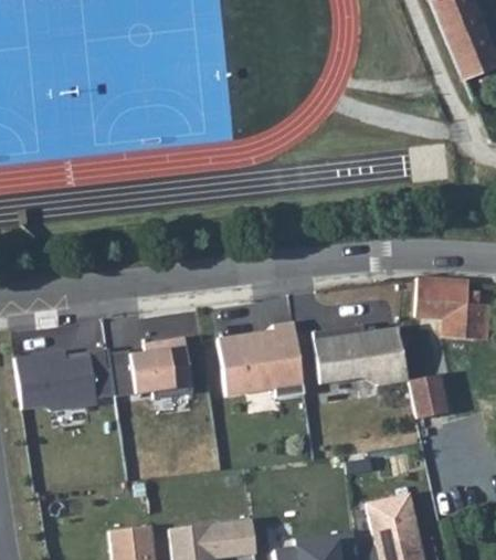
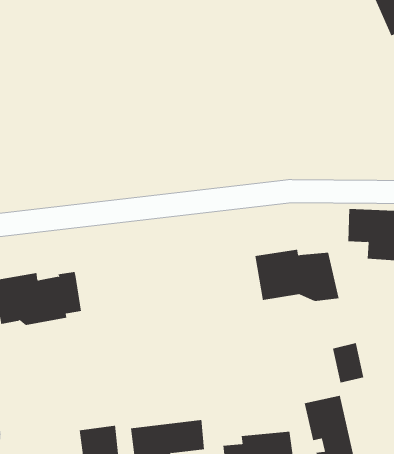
building: [218,321,304,400] -> none
building: [107,337,193,400] -> none
building: [409,372,445,419] -> [332,343,364,383]

